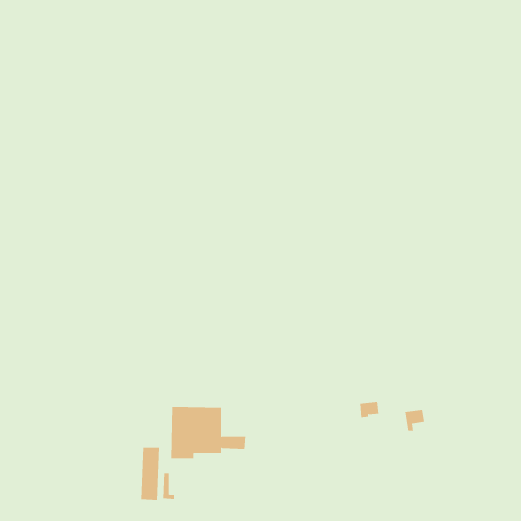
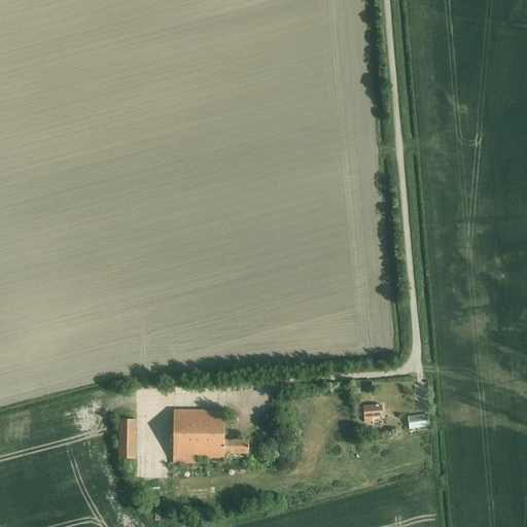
building: [140,447,160,500] -> [117,405,137,458]

